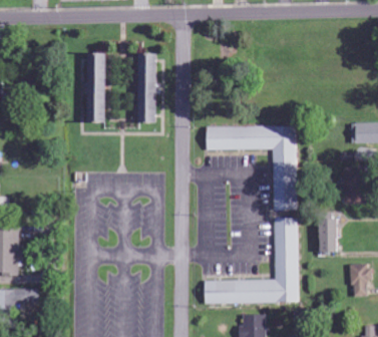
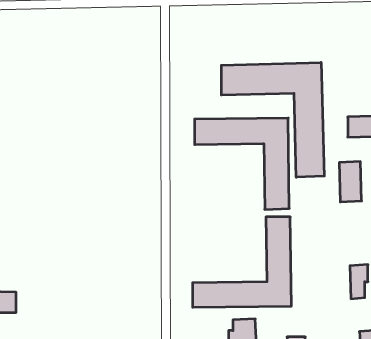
building: [88,53,108,122] -> none
building: [139,53,158,123] -> none
building: none -> [221,62,324,177]
building: [318,220,340,253] -> none

